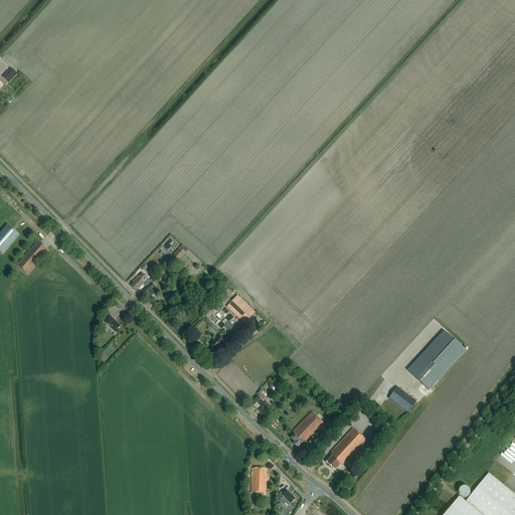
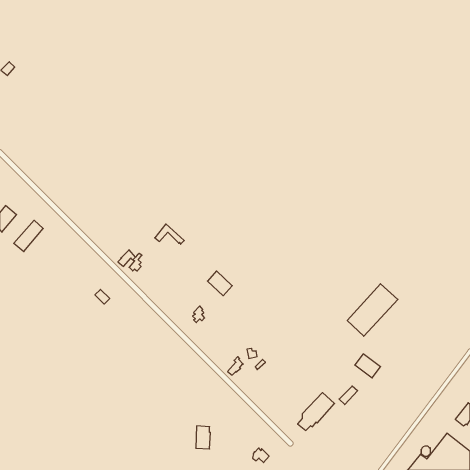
building: [409,333,465,390] -> [347,284,398,336]
building: [290,411,323,447] -> none
building: [249,468,266,493] -> [196,426,210,449]

